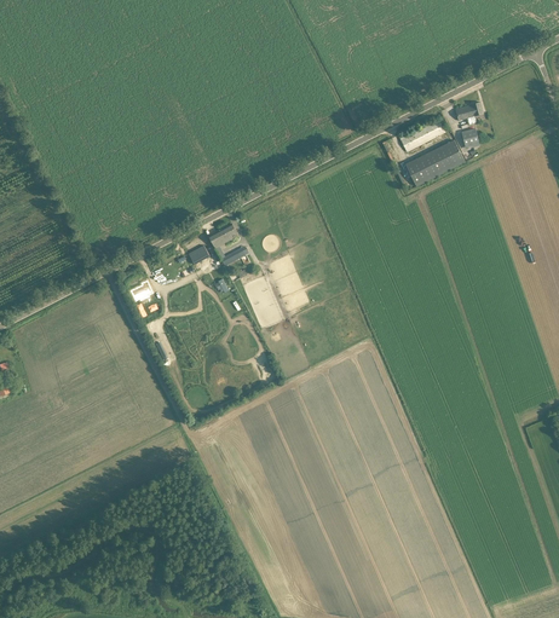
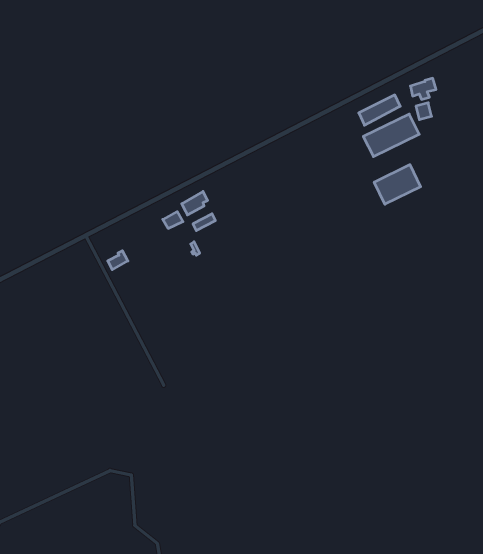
building: none -> [374,165,421,204]

